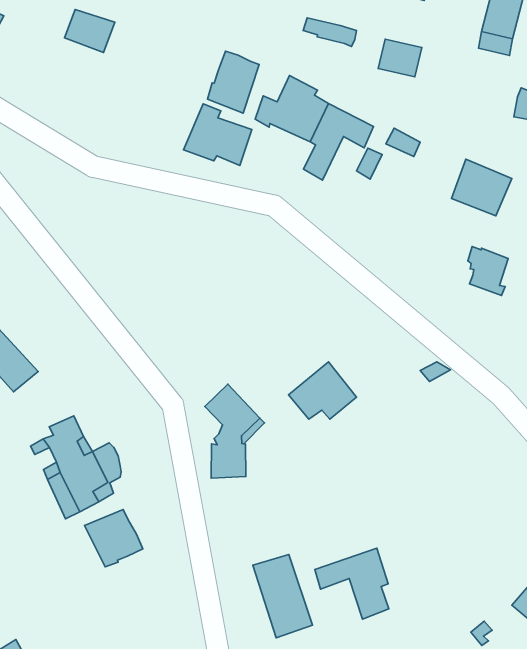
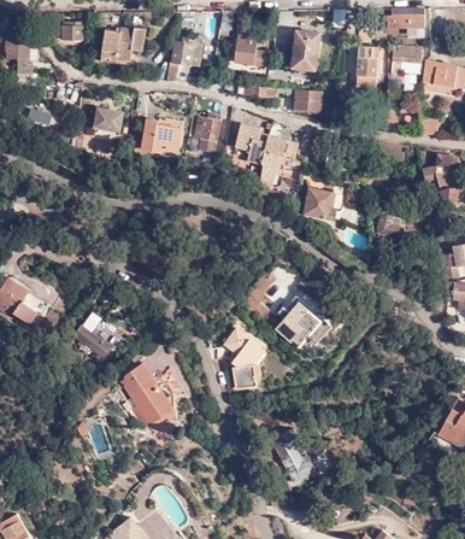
building: [184,104,252,165] -> [141,118,182,153]
building: [451,159,512,216] -> [304,188,340,221]
building: [85,510,143,567] -> none
building: [315,548,389,619] -> none

